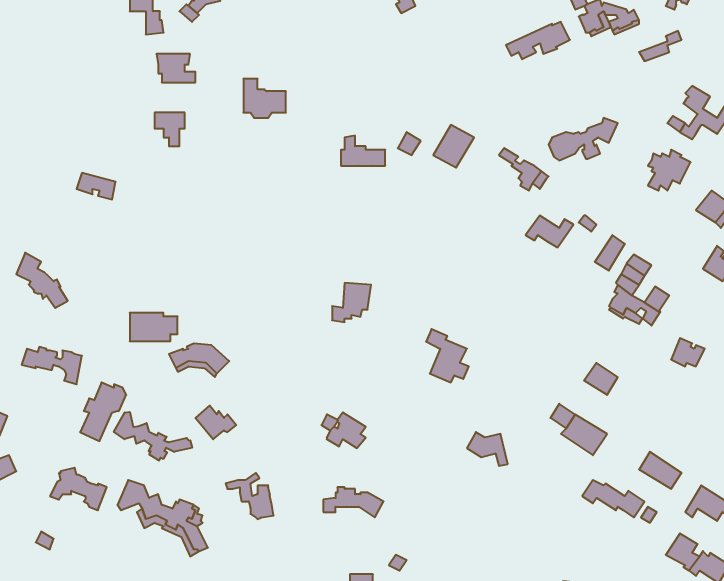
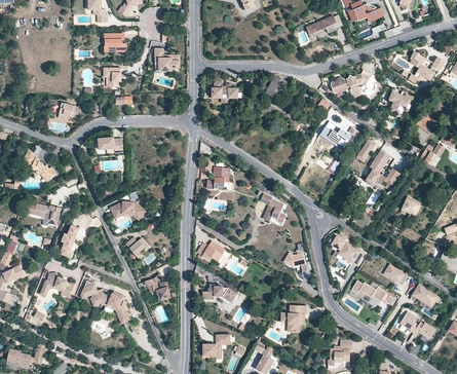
building: [130,313,178,341] -> [96,136,123,152]
building: [114,412,192,461] -> none
building: none -> [279,304,305,331]

